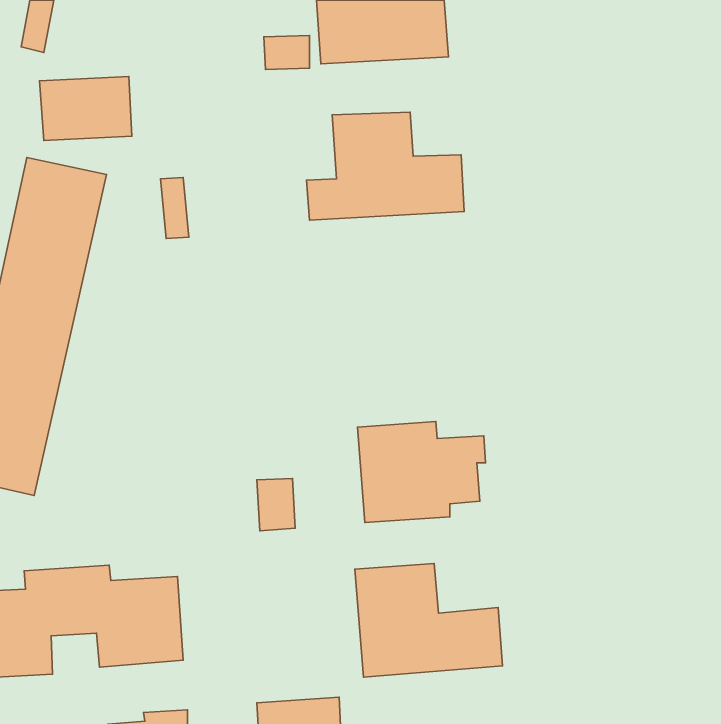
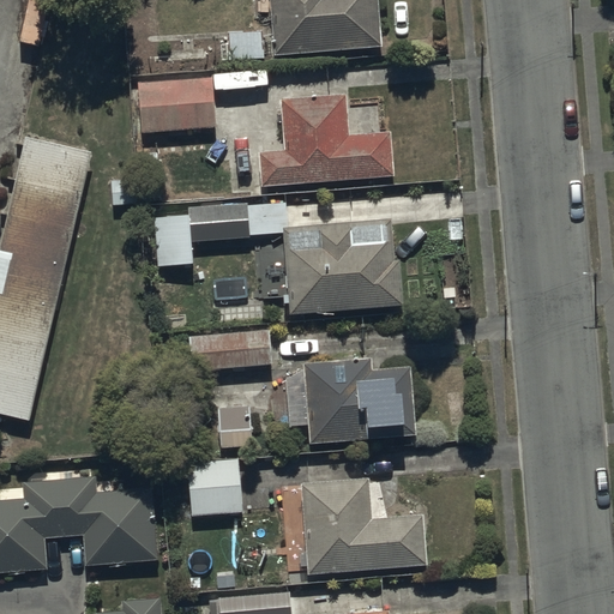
building: [39,77,132,140] -> [136,78,213,132]
building: none -> [159,201,402,315]
building: none -> [179,331,270,371]
building: none -> [183,458,241,517]

